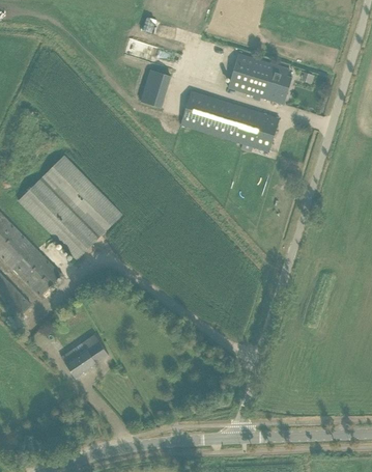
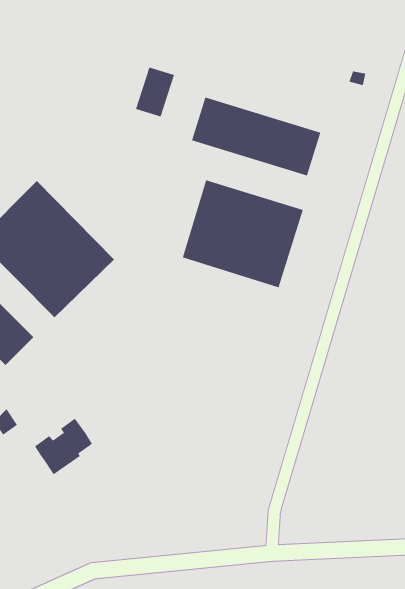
building: [229,53,291,104] -> none
building: none -> [182,180,304,288]

